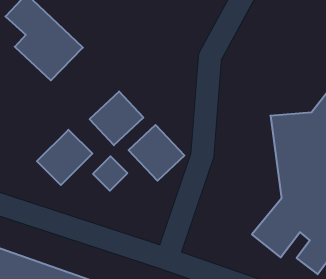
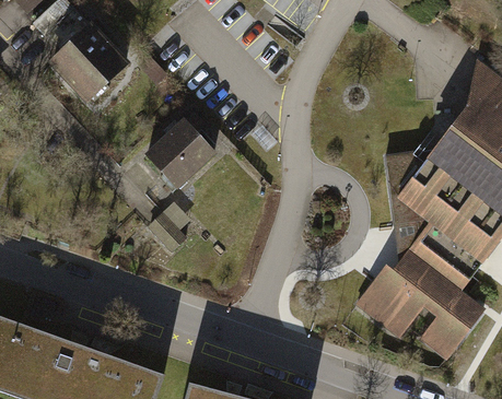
building: [129,125,184,181] -> none
building: [37,130,92,185] -> none

